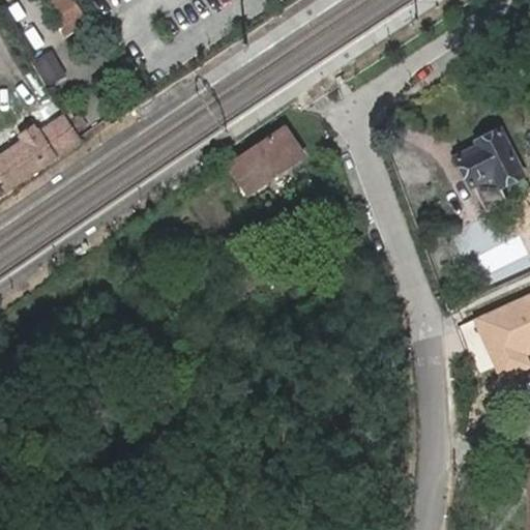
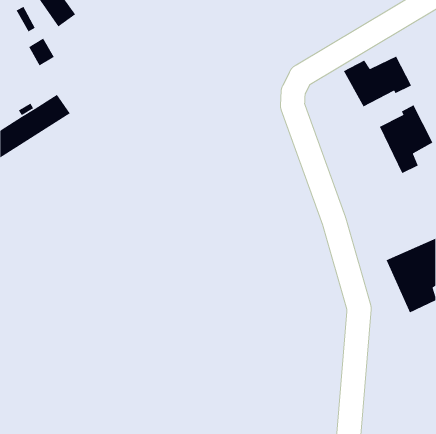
building: none -> [343,56,412,107]
building: [236,127,302,188] -> none

